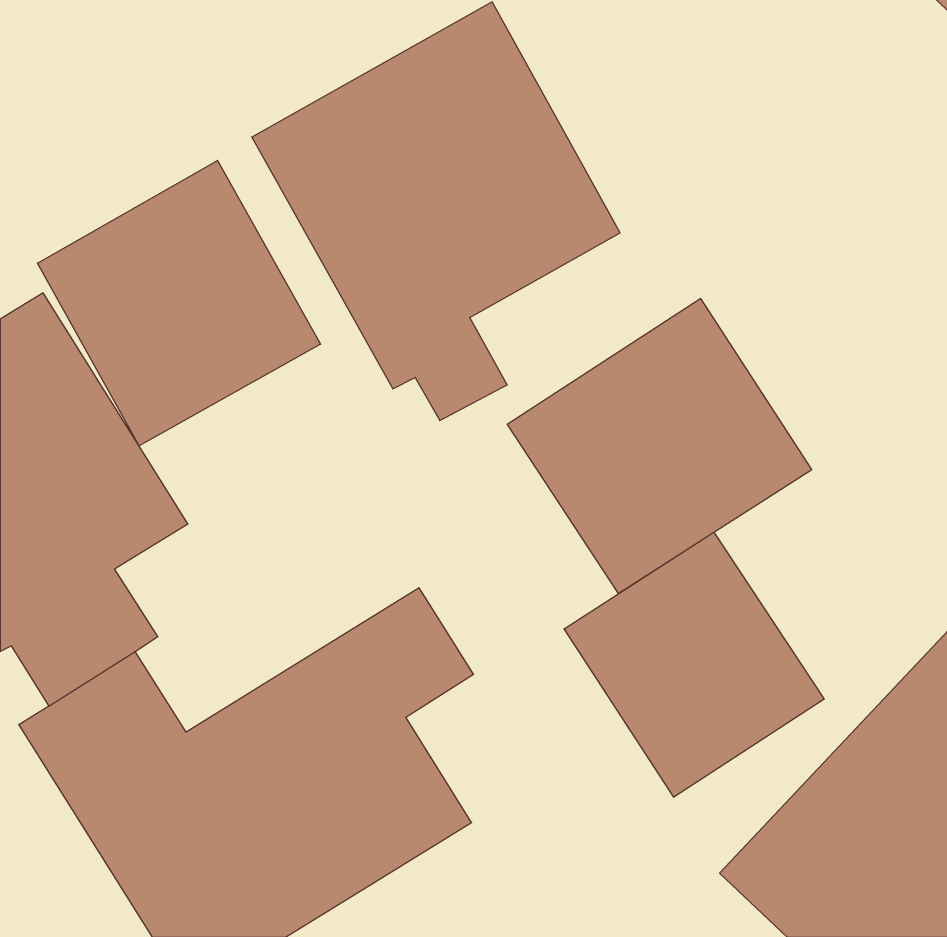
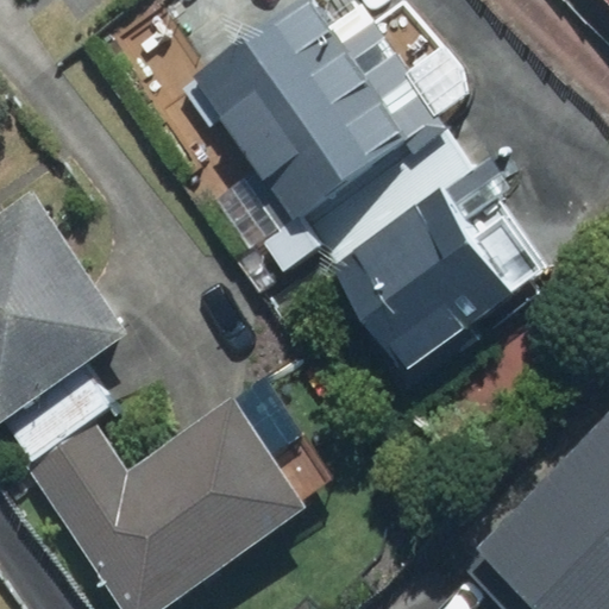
building: [37,160,321,446] -> none
building: [564,532,824,797] -> none

